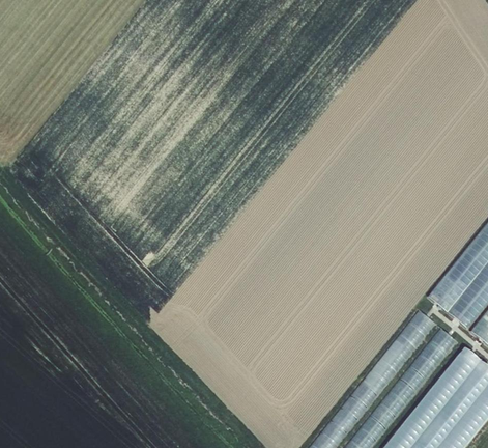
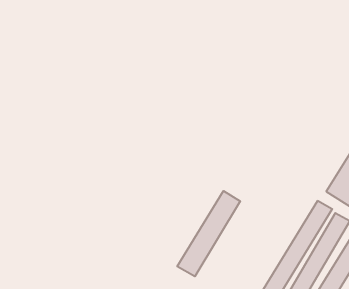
building: none -> [177,191,240,276]

